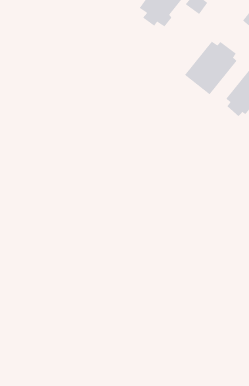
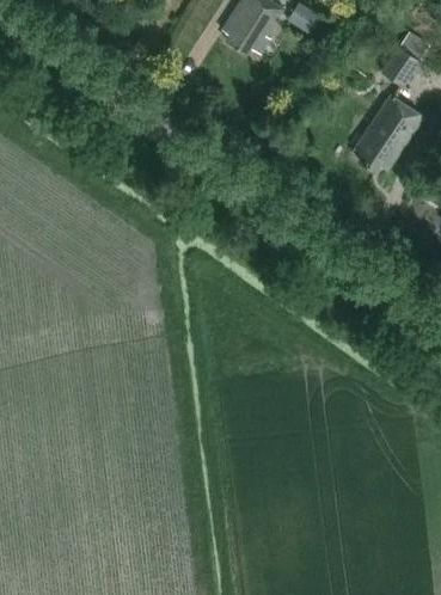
building: [184,41,237,95] -> none

